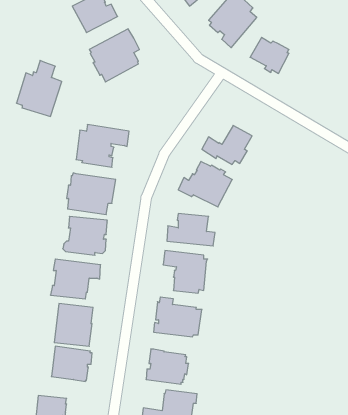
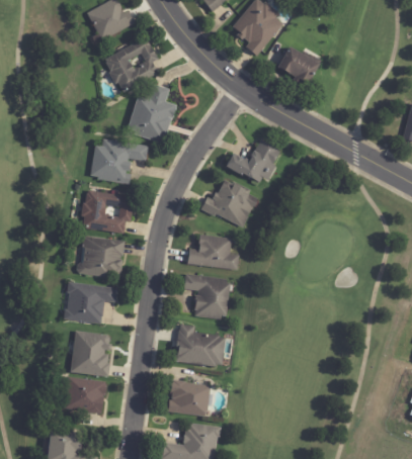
building: [16,60,62,116] -> [127,83,175,143]

